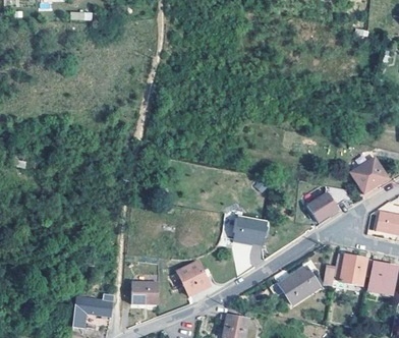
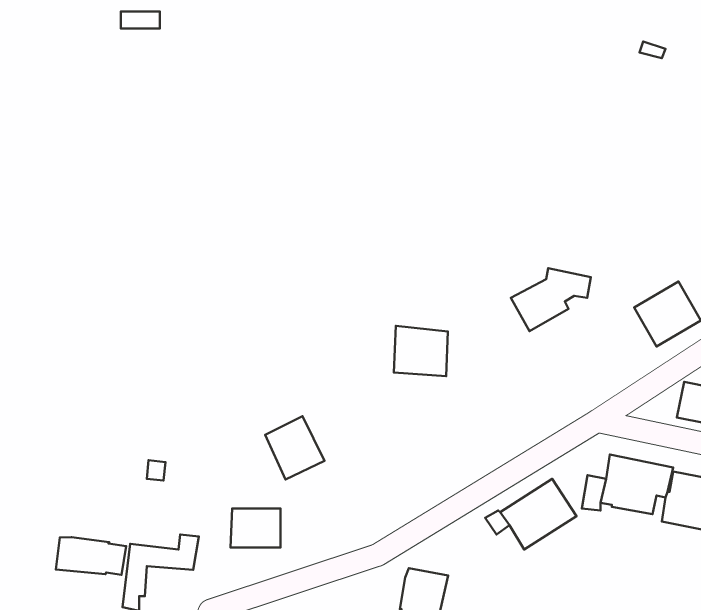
building: [306,186,350,221] -> [511,268,591,331]
building: [233,219,263,246] -> [394,326,448,376]
building: [177,262,210,296] -> [265,416,325,480]
building: none -> [56,537,126,575]

